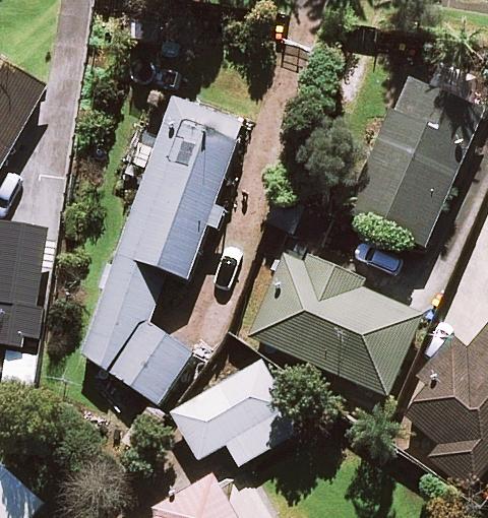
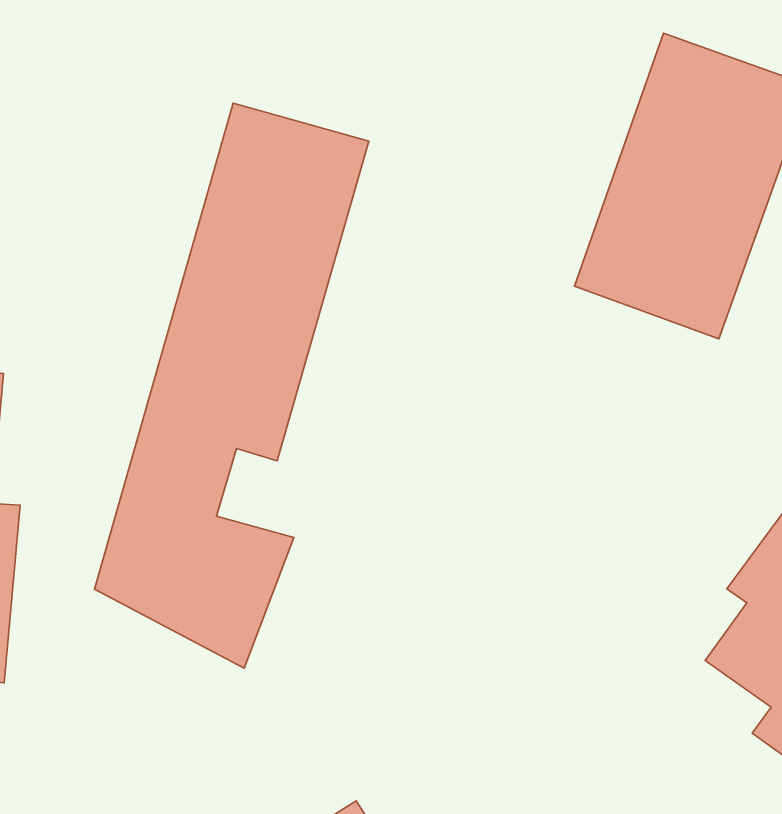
building: [248,249,424,395] -> none
building: [171,363,298,464] -> none

